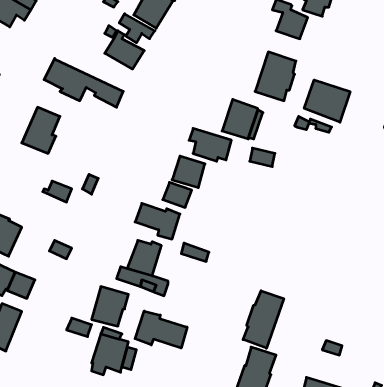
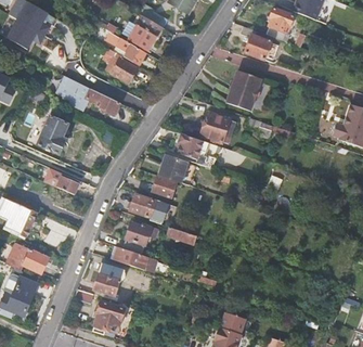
building: [304,80,350,122] -> none
building: [243,291,284,348] -> none
building: [135,311,187,348] -> none

